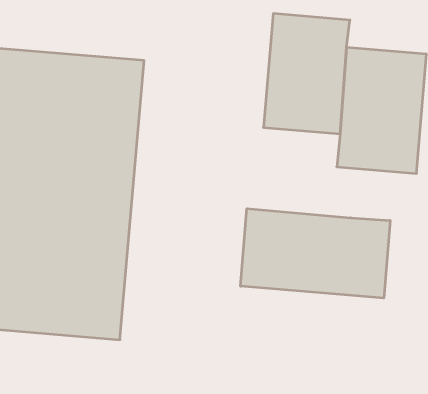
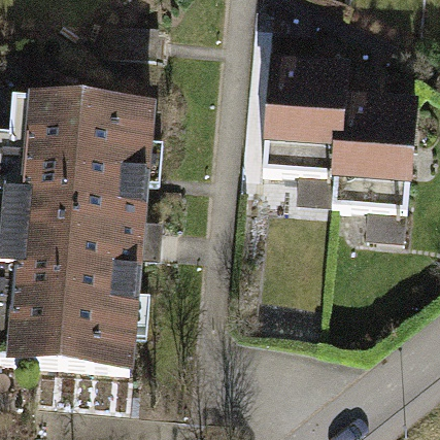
building: [241,209,390,298] -> none

